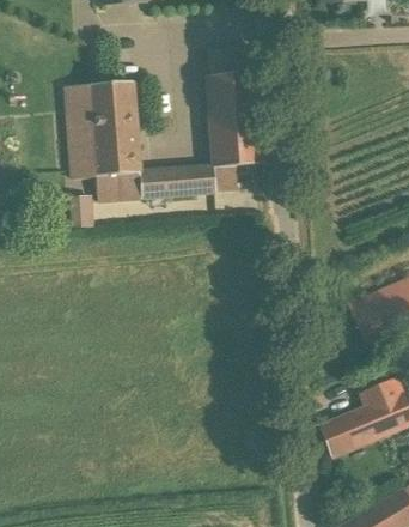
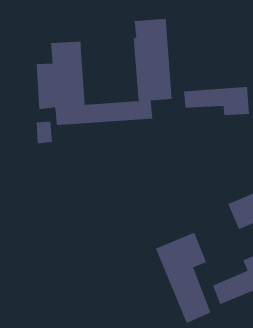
building: none -> [184,86,249,116]
building: none -> [155,232,211,324]

